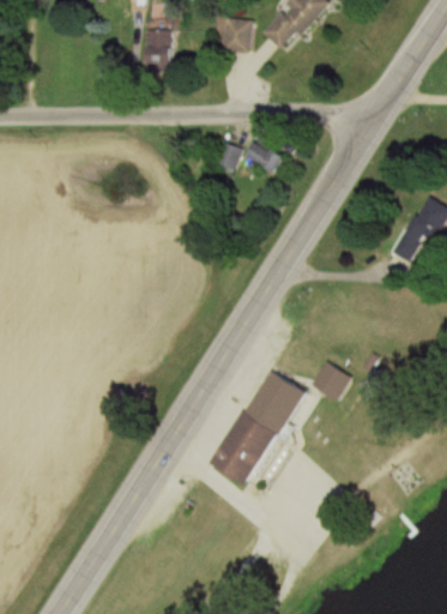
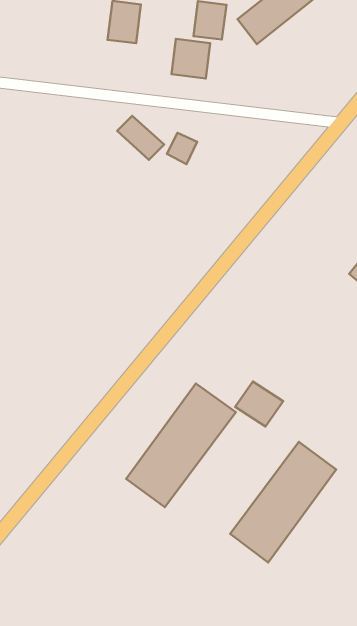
building: none -> [172,39,210,78]
building: [244,137,289,175] -> [117,116,164,160]
building: none -> [230,442,336,563]

